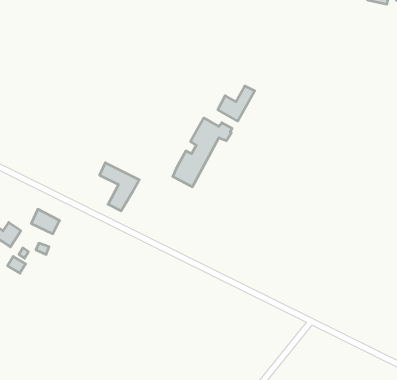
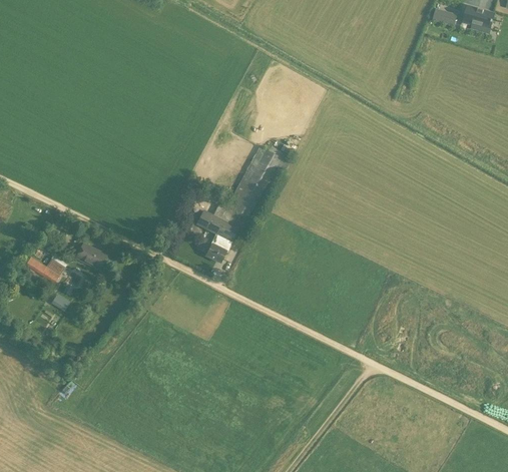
building: [218,86,255,121] -> none
building: [100,163,139,211] -> [196,210,238,262]

